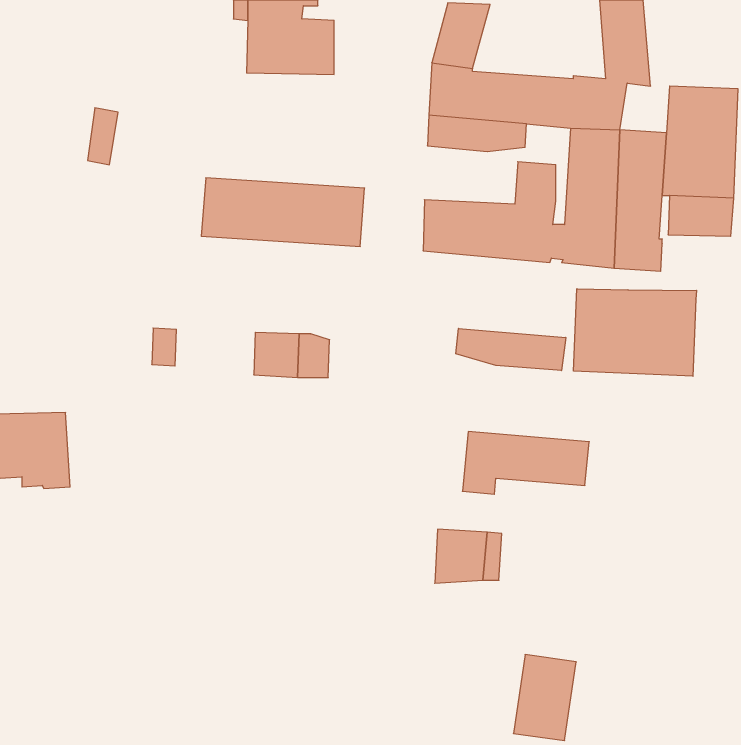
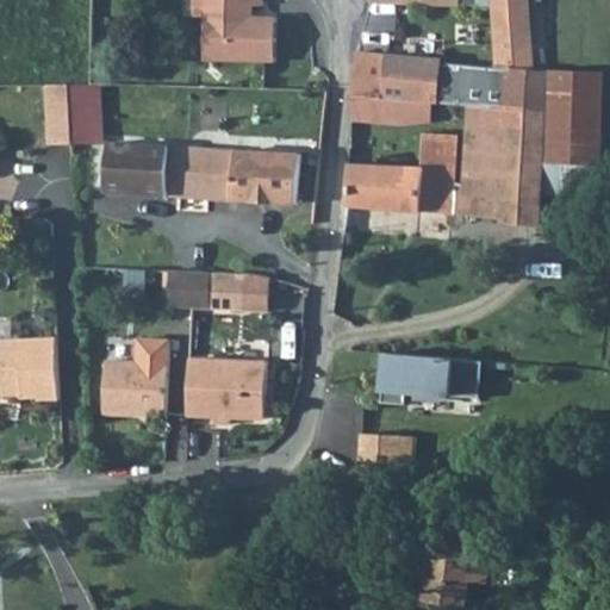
building: none -> [506,68,547,108]
building: none -> [44,83,69,144]
building: none -> [101,142,168,193]
building: [574,289,697,376] -> none
building: [456,328,566,371] -> none
building: none -> [161,269,208,306]
building: none -> [101,342,167,421]
building: none -> [185,357,264,417]

